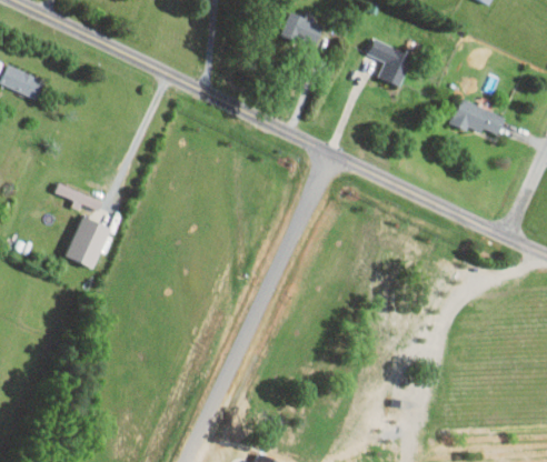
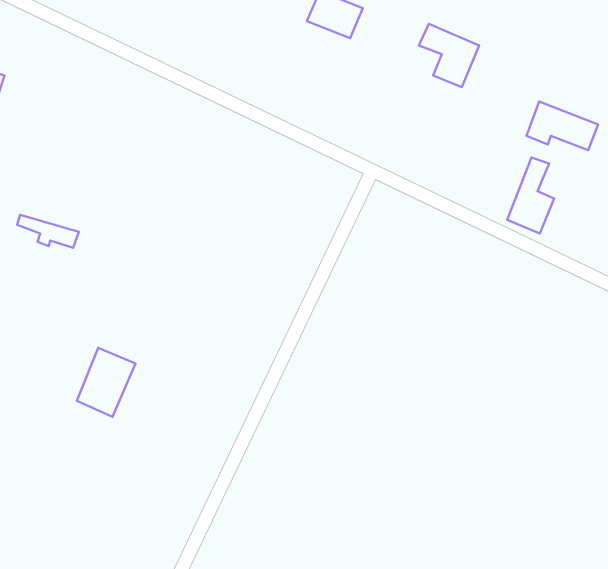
building: none -> [507,158,554,234]
building: [64,215,110,269] -> [77,348,135,417]

